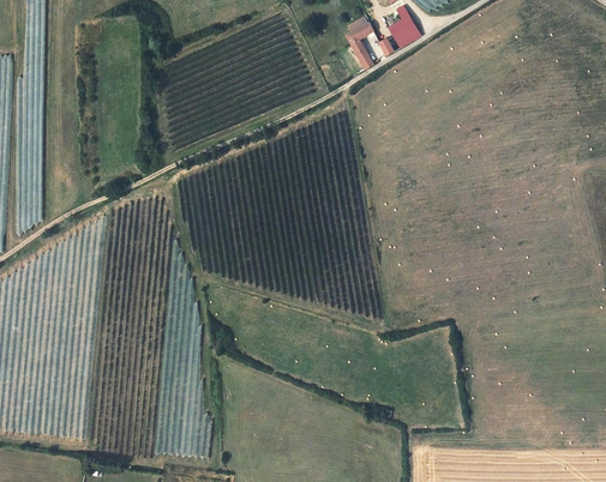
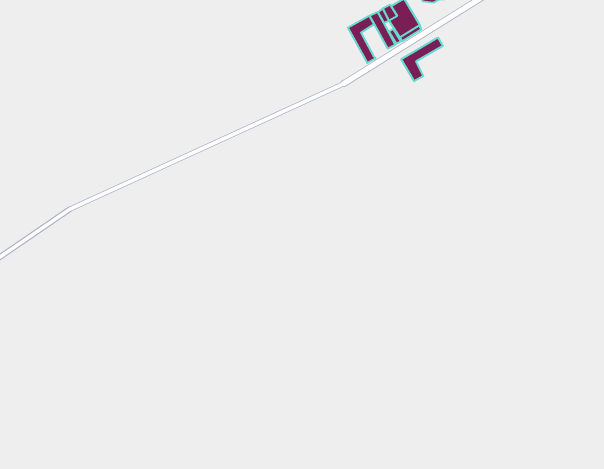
building: none -> [401,38,443,81]

